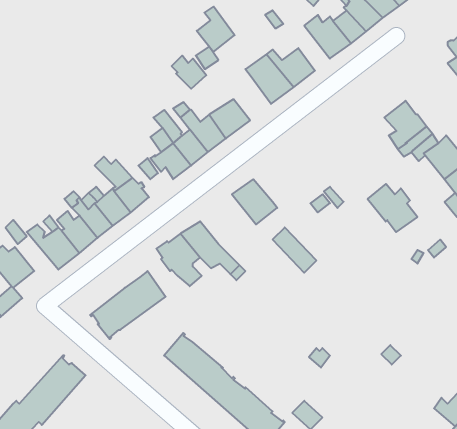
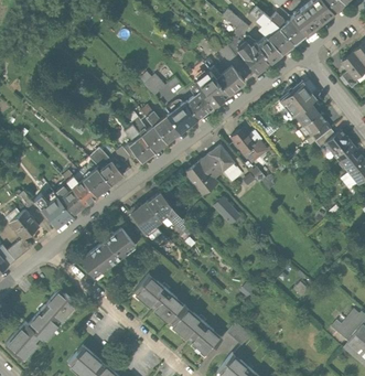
building: [197,7,235,52] -> [185,85,213,118]
building: none -> [280,82,316,119]
building: none -> [200,146,238,178]
building: [368,184,417,232] -> [230,126,267,161]

